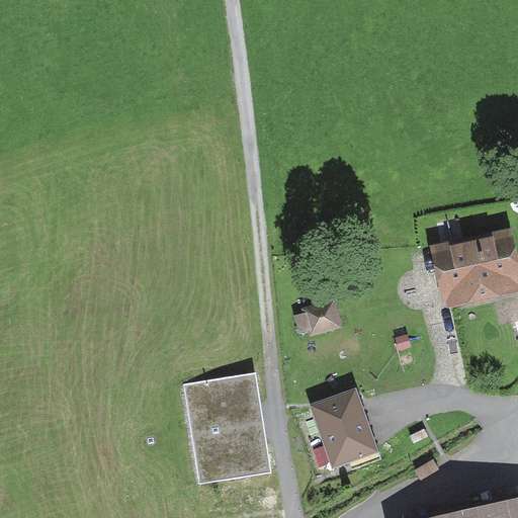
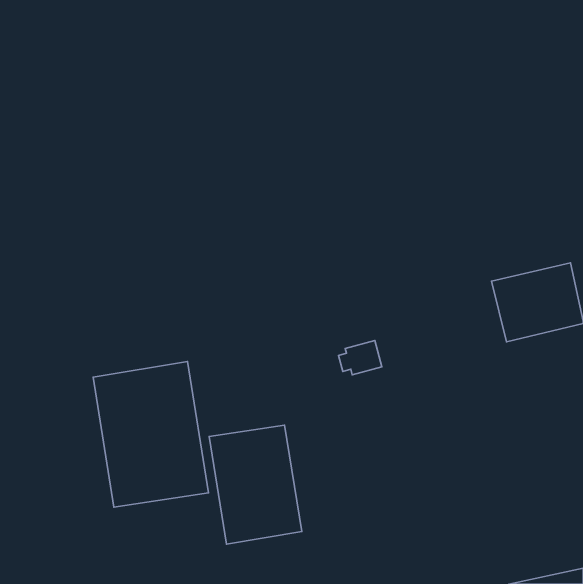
building: none -> [93,361,208,507]
building: [314,393,375,464] -> none

